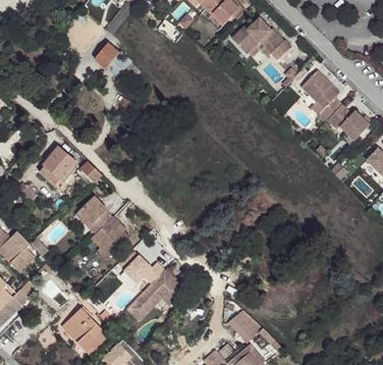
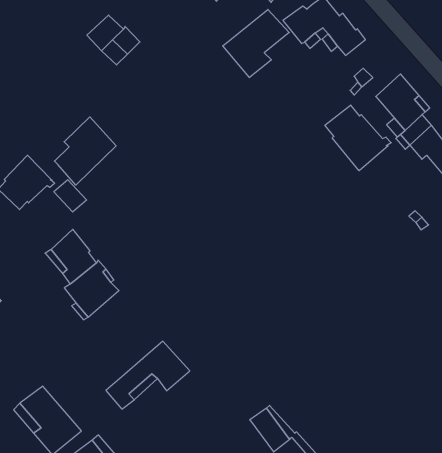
building: none -> [223,9,289,78]
building: none -> [325,105,391,171]
building: none -> [54,117,116,185]
building: [123,255,163,283] -> none

